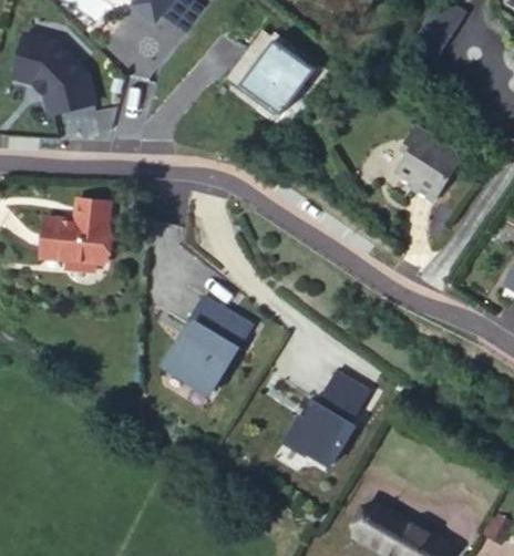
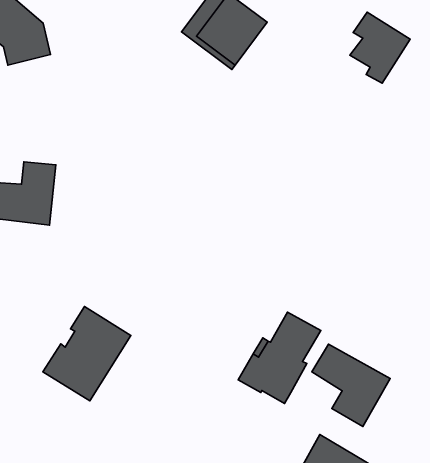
building: [389,134,451,207] -> [350,12,410,83]
building: [163,296,254,393] -> [43,306,131,401]
building: none -> [312,344,390,427]

